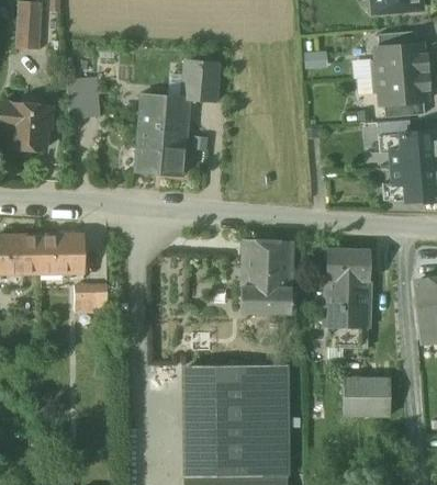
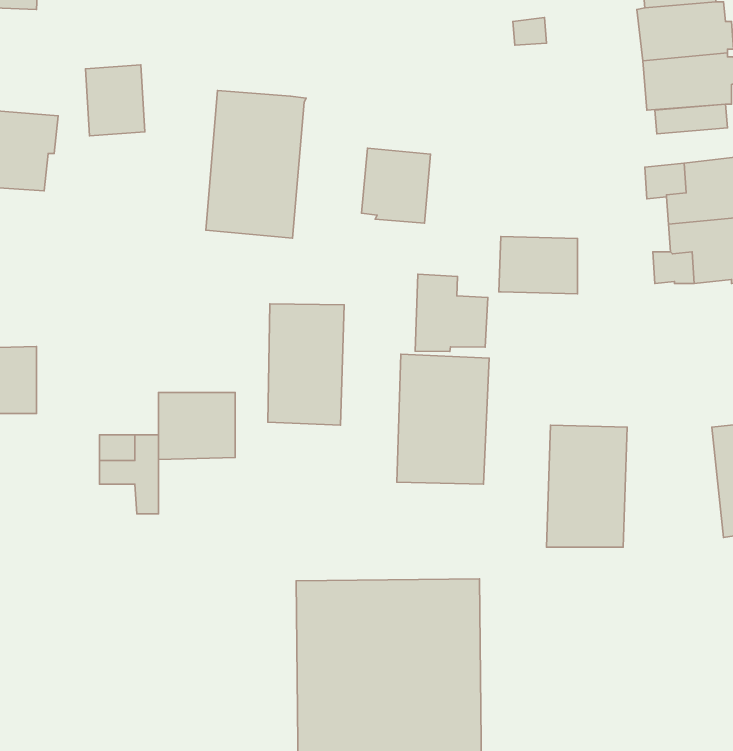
building: [181,60,220,102] -> [361,148,430,223]
building: none -> [415,274,488,352]
building: none -> [268,304,344,425]
building: [40,236,82,273] -> [158,392,235,459]
building: [325,249,369,281] -> [499,237,578,294]
building: [343,379,390,416] -> none

